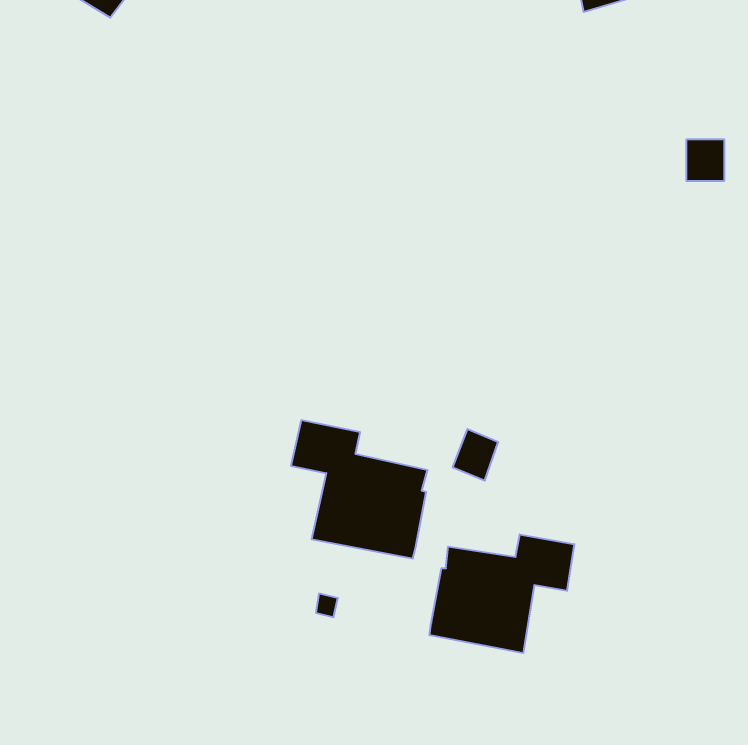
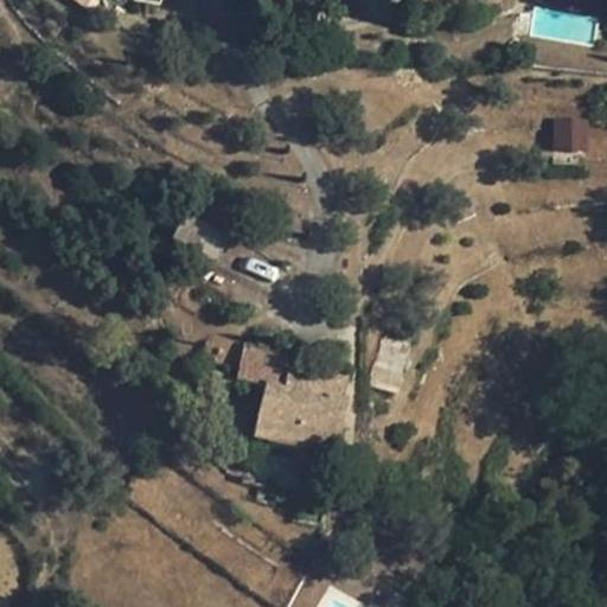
building: [430,534,574,653] -> none

